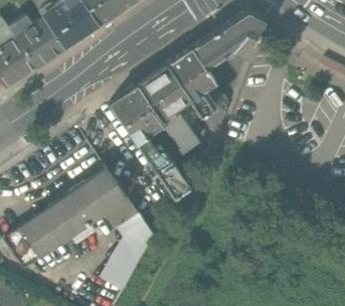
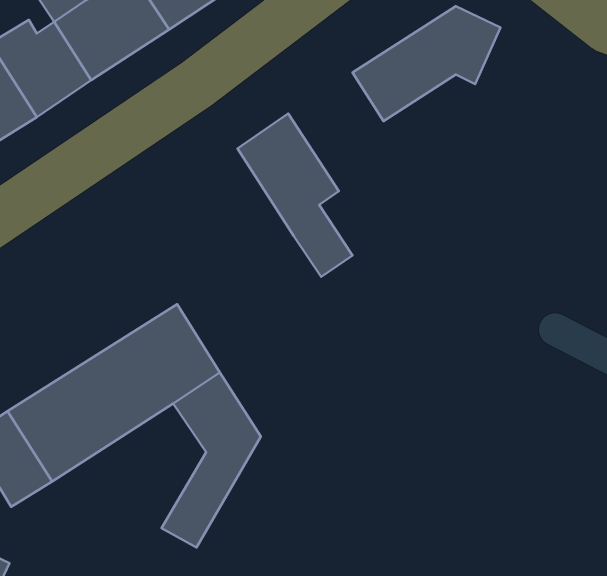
building: [166,44,226,122] -> none
building: [109,84,189,195] -> none

